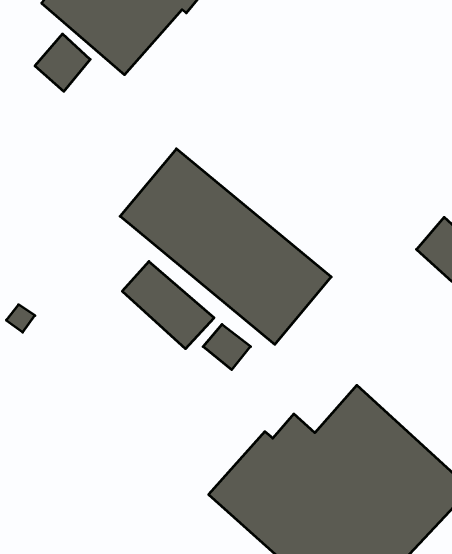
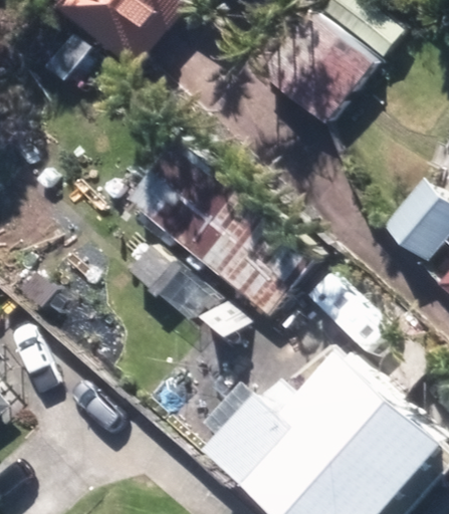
building: none -> [258,9,374,123]

